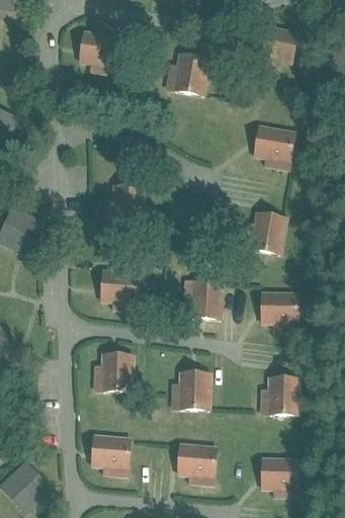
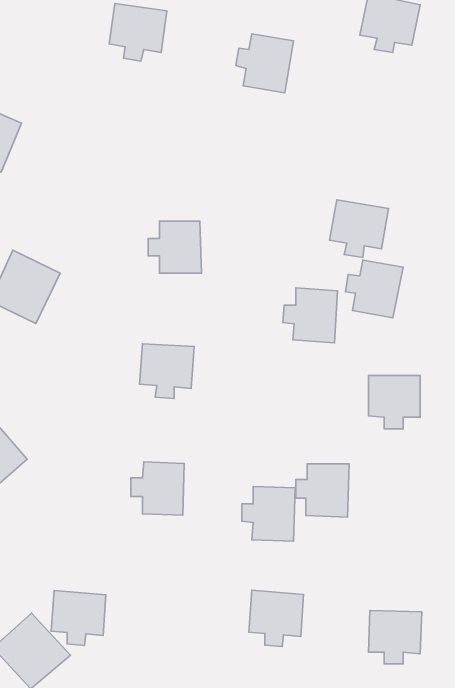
building: [253,125,294,166] -> [330,200,389,258]
building: [183,279,222,318] -> [283,288,337,343]
building: [261,376,298,414] -> [296,464,349,517]
building: [91,435,130,473] -> [51,591,106,645]

